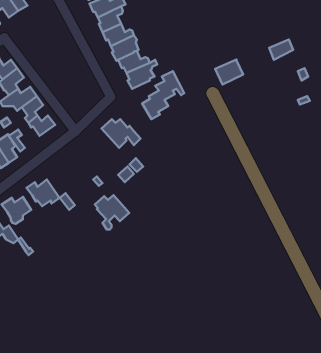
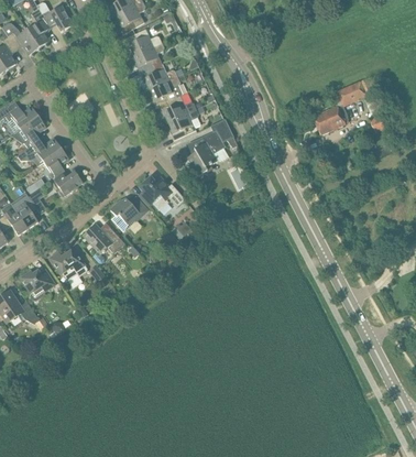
building: [215,60,243,85] -> [311,105,344,134]
building: none -> [109,195,146,230]
building: [95,195,129,229] -> [84,221,124,262]

